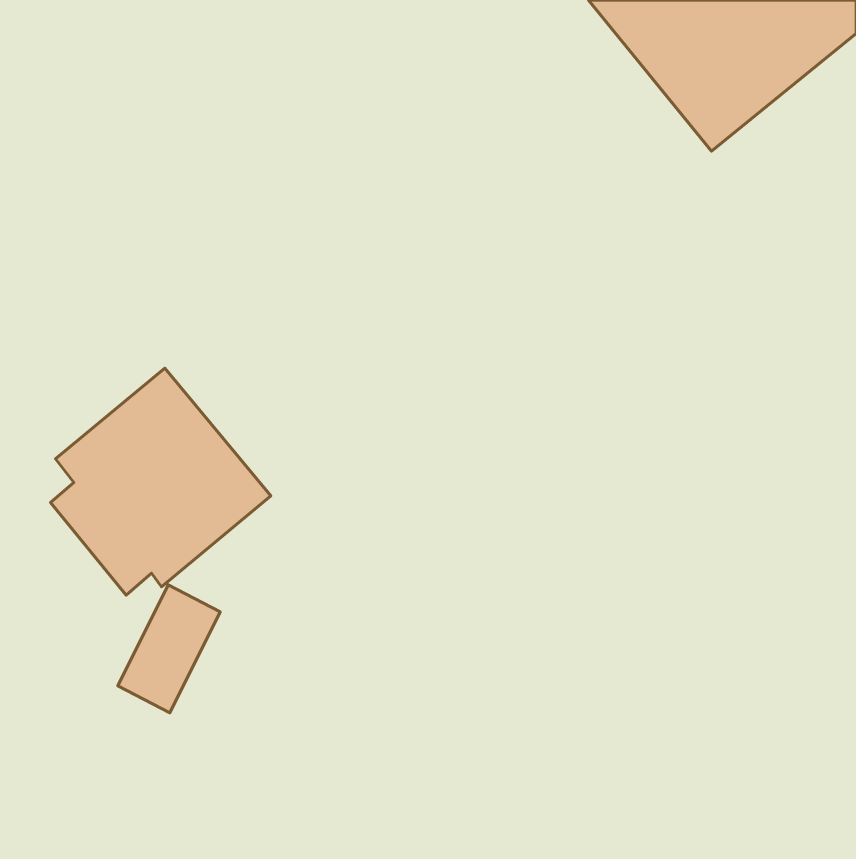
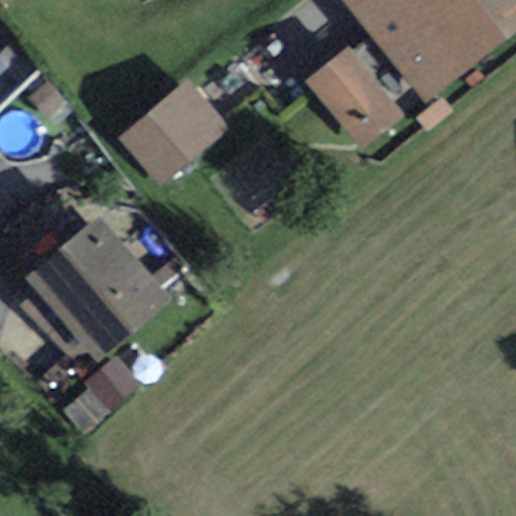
building: none -> [312,51,392,137]
building: none -> [125,84,221,177]

